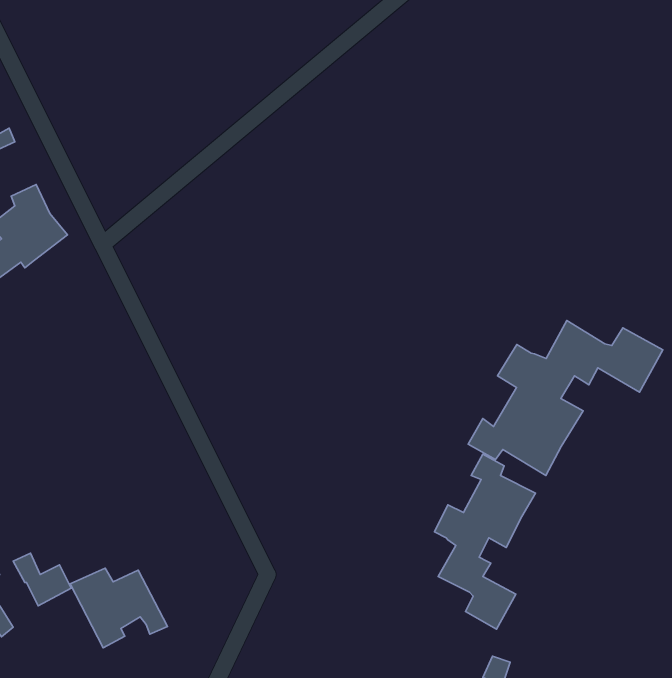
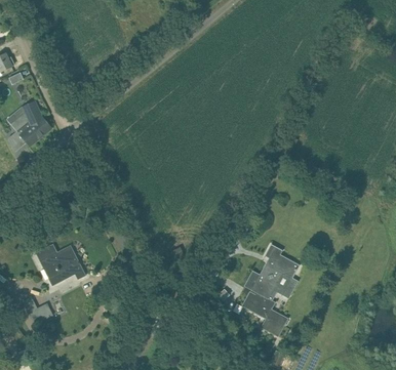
building: [468,321,663,476] -> none
building: [70,568,167,648] -> [35,244,86,286]

